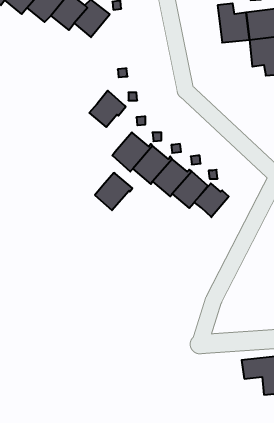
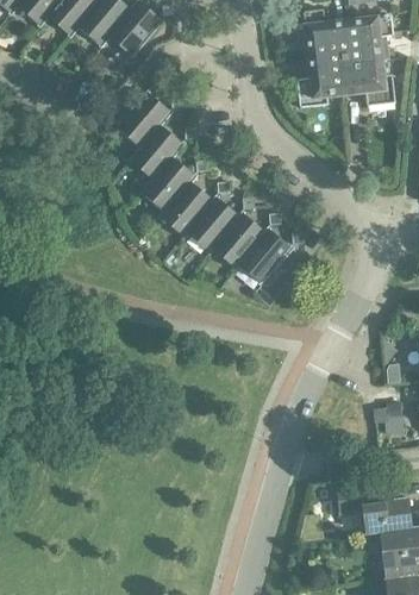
building: none -> [298,58,350,108]
building: none -> [119,95,169,144]
building: [95,173,132,210] -> [144,158,194,208]
building: [194,183,229,217] -> none

